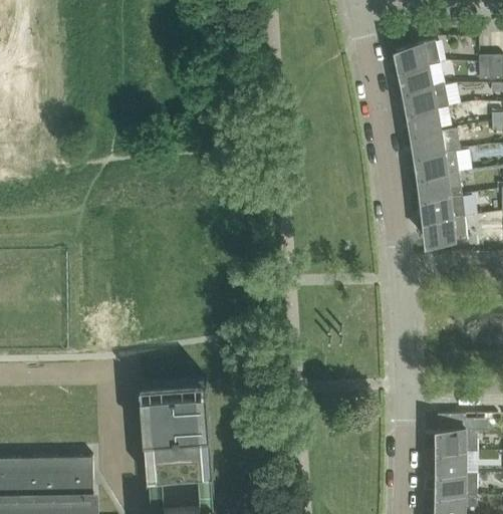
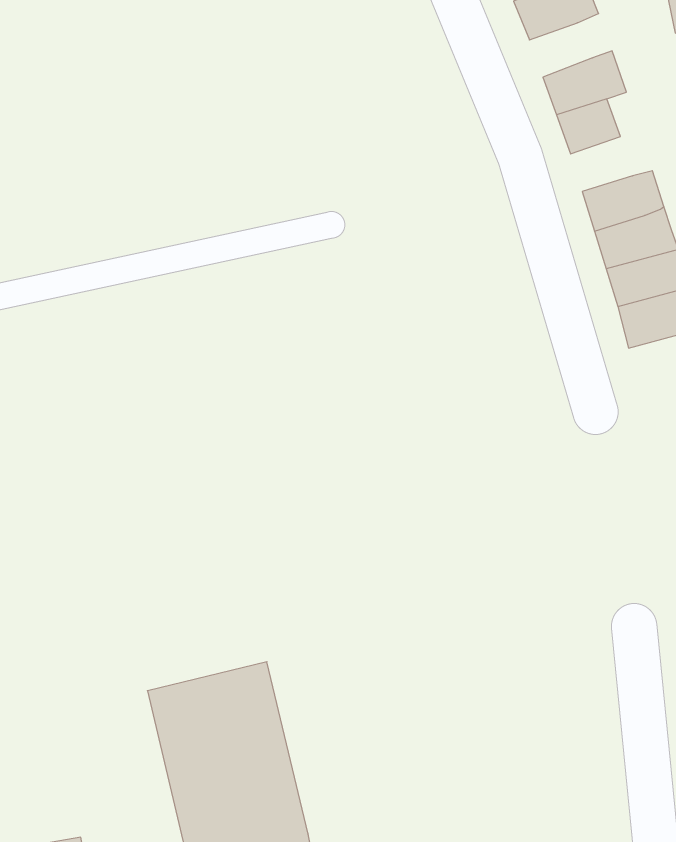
building: [400,68,432,94] -> none
building: [412,133,443,159] -> none

